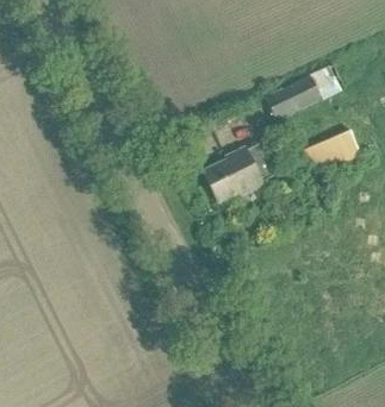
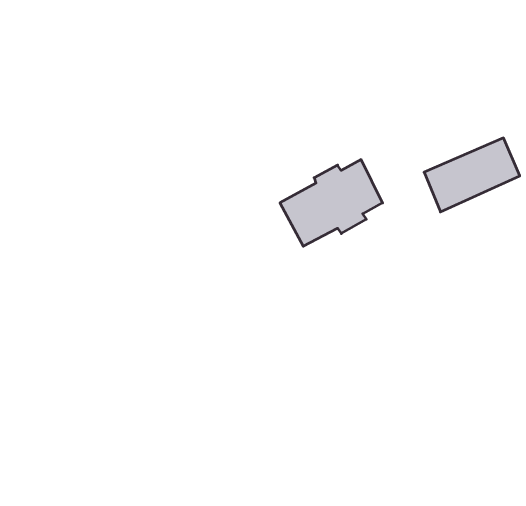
building: [263,74,321,120] -> none

